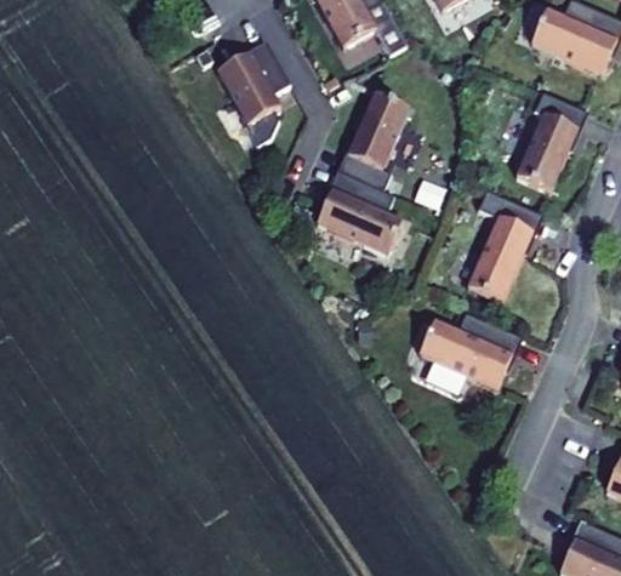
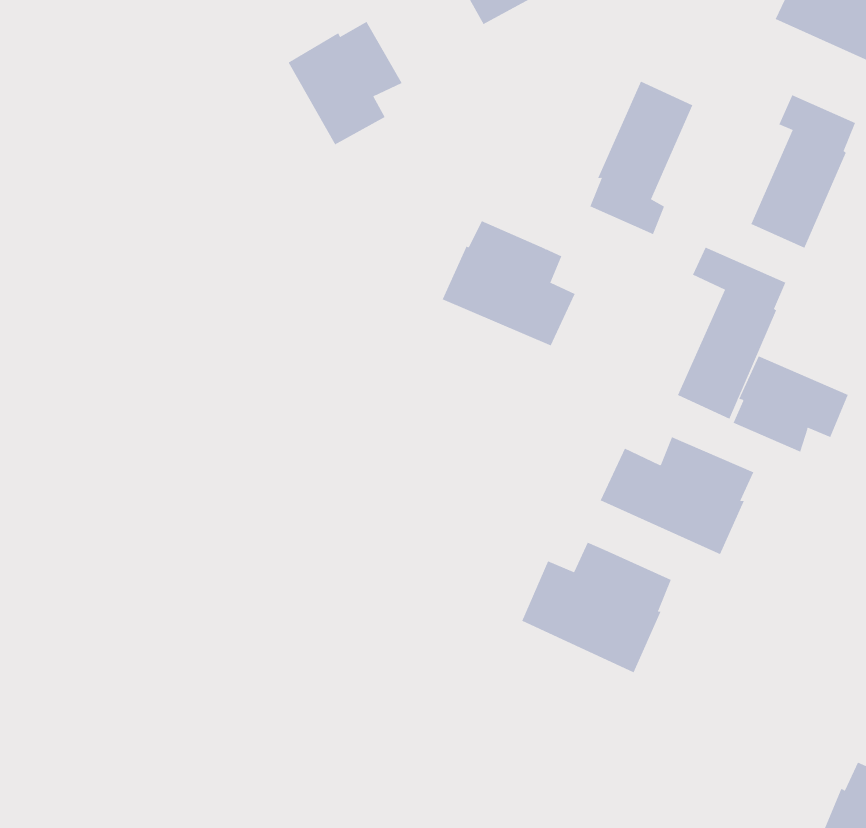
building: [342,92,409,192] -> [590,81,693,235]
building: none -> [733,356,849,452]
building: none -> [522,542,671,673]

